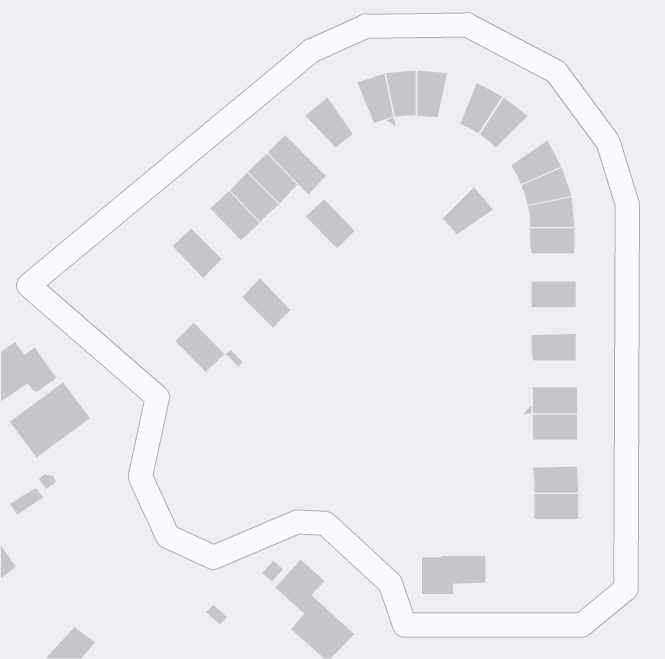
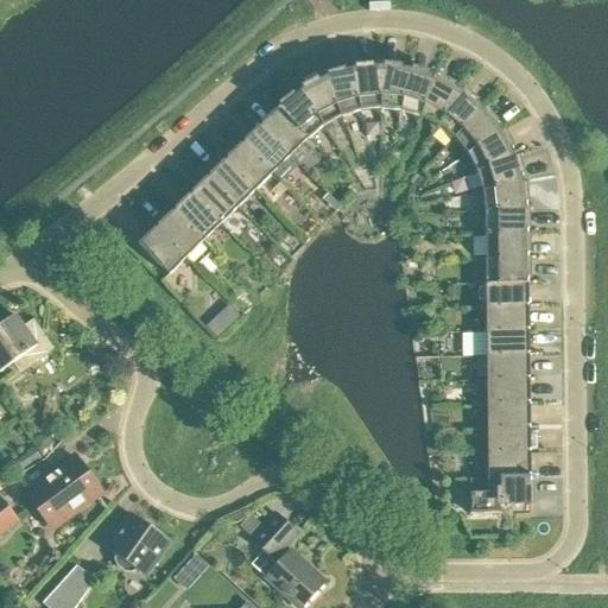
building: none -> [400,66,435,113]
building: none -> [299,75,341,122]
building: [442,186,494,236] -> [452,106,500,151]
building: [305,198,355,249] -> [260,106,306,152]
building: none -> [484,232,526,256]
building: [242,278,291,328] -> [175,190,220,236]
building: none -> [484,280,526,305]
building: [174,322,225,372] -> [139,224,185,271]
building: none -> [486,329,527,353]
building: [9,382,91,458] -> [25,454,100,524]
building: none -> [486,401,527,426]
building: [421,555,486,595] -> [469,474,528,509]
building: none -> [106,511,169,572]

